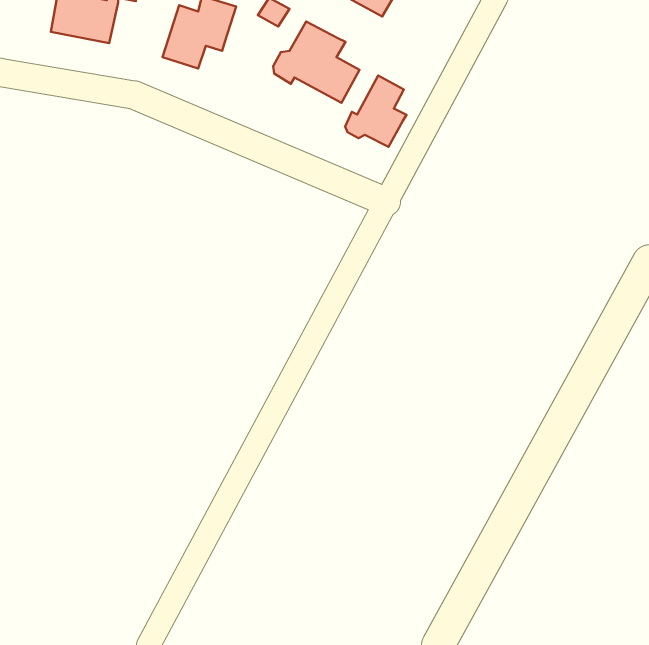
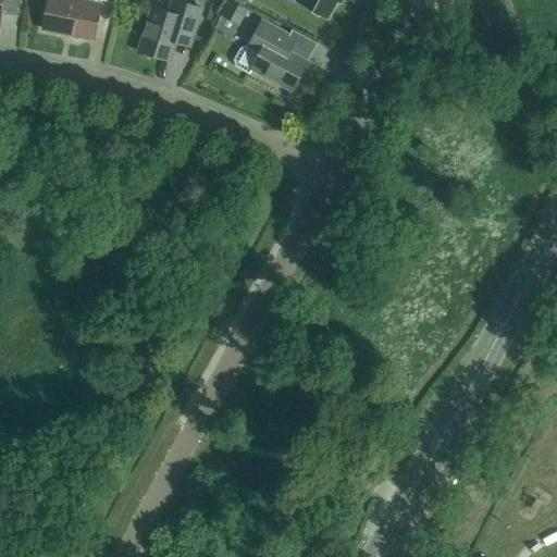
building: [345,75,406,147] -> none

